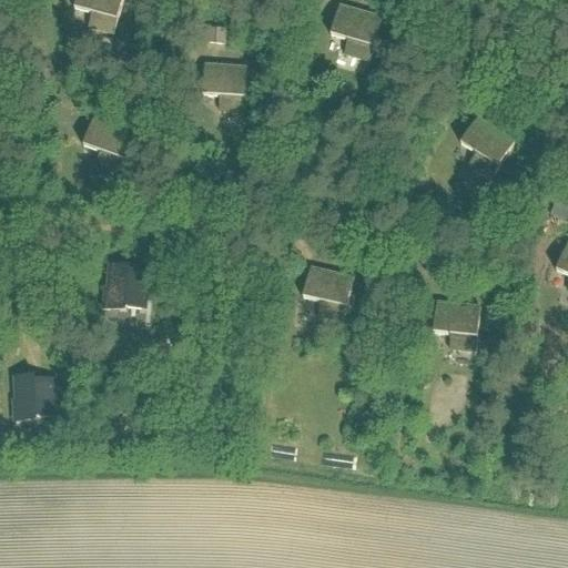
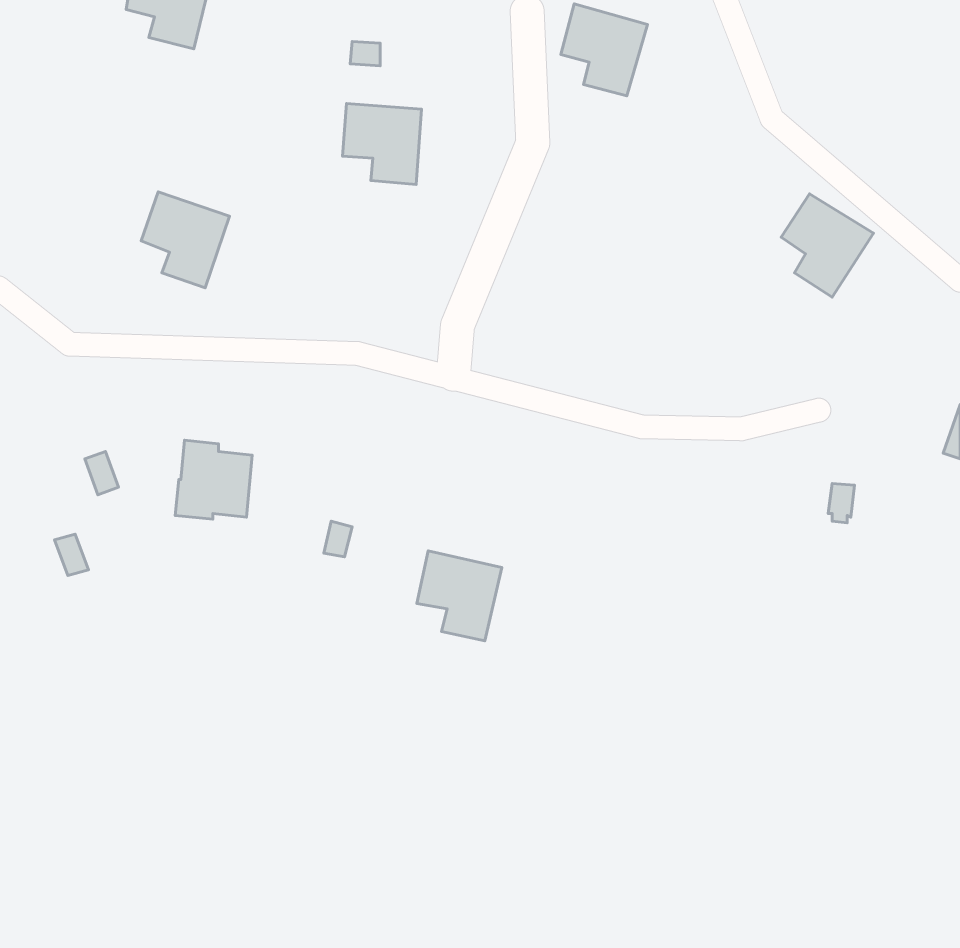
building: [303,264,353,317] -> [417,551,502,641]
building: [433,298,480,347] -> none
building: [13,372,57,417] -> none

